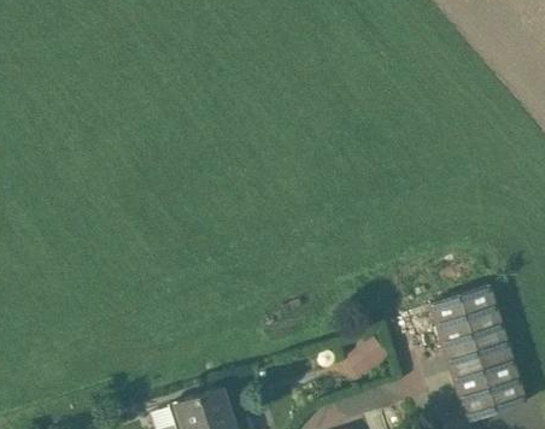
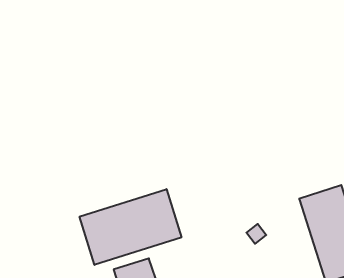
building: none -> [80,189,181,265]

